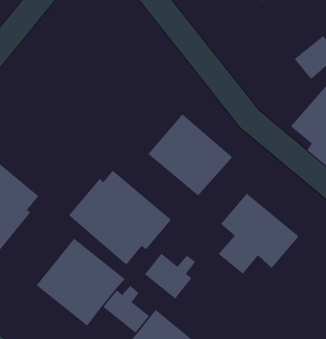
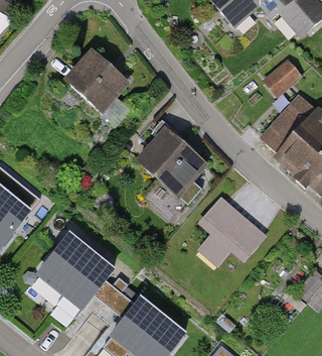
building: none -> [63,47,131,114]
building: [68,170,172,266] -> none
building: [144,253,196,299] -> none

